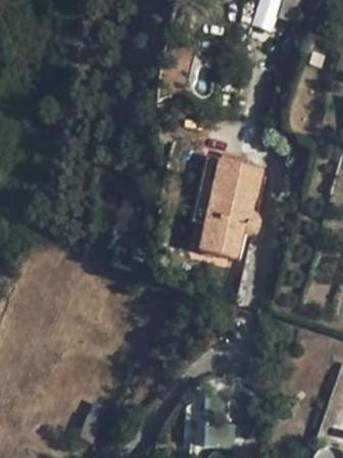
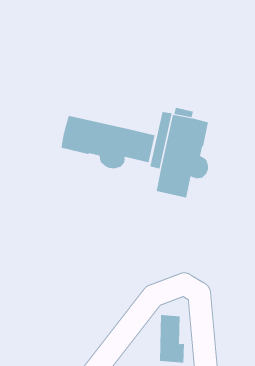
building: none -> [61,115,155,169]

